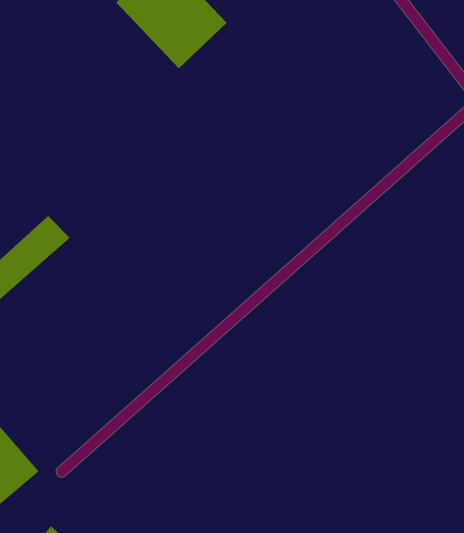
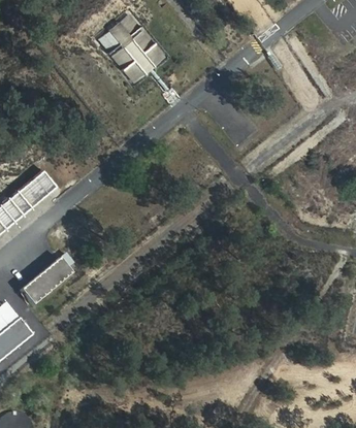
building: none -> [22,256,73,304]

